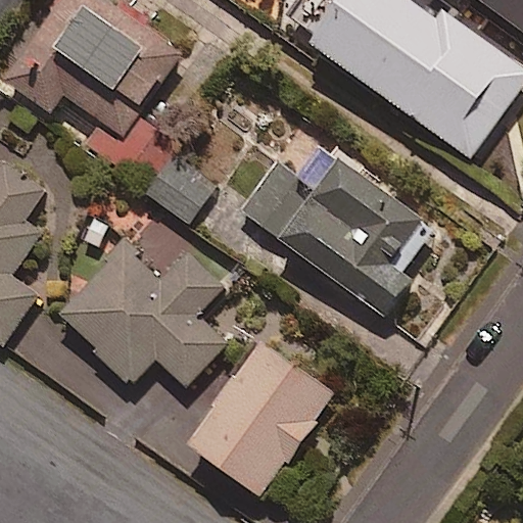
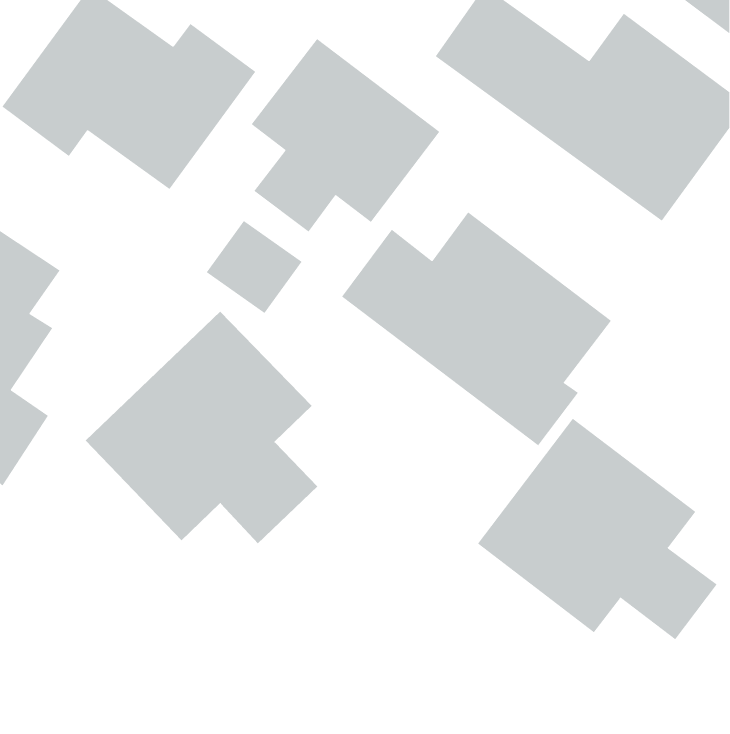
building: none -> [251,38,440,232]
building: none -> [477,418,718,640]
building: [189,340,335,495] -> none

